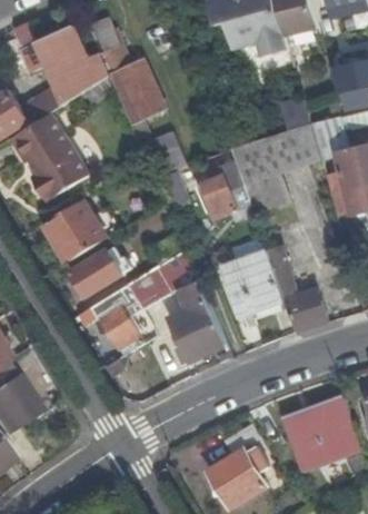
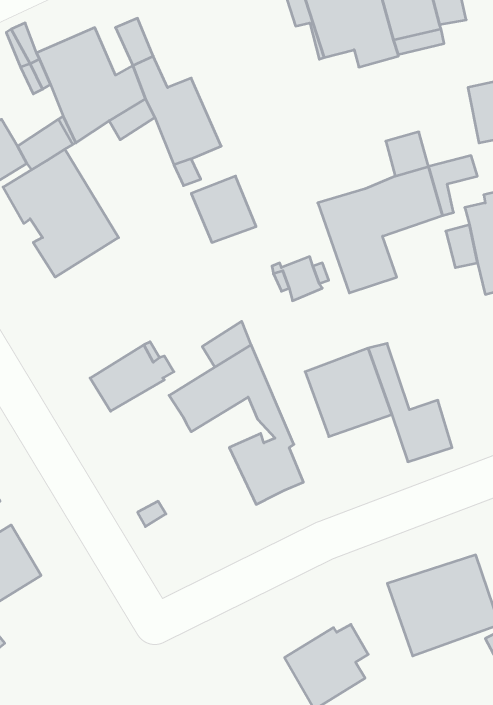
building: [48,202,107,263] -> none
building: [81,284,139,347] -> none

